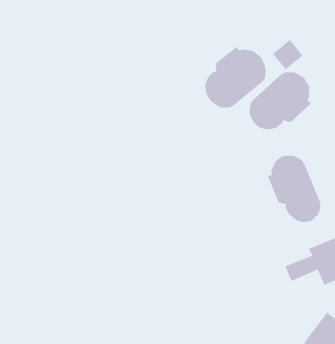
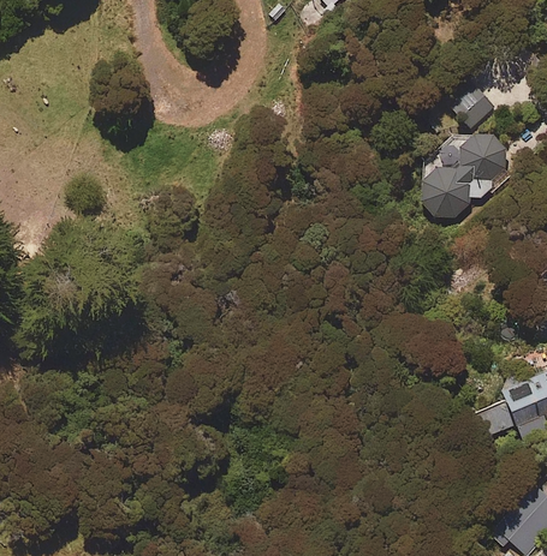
building: [205,46,266,108] -> none
building: [267,155,321,223] -> none

